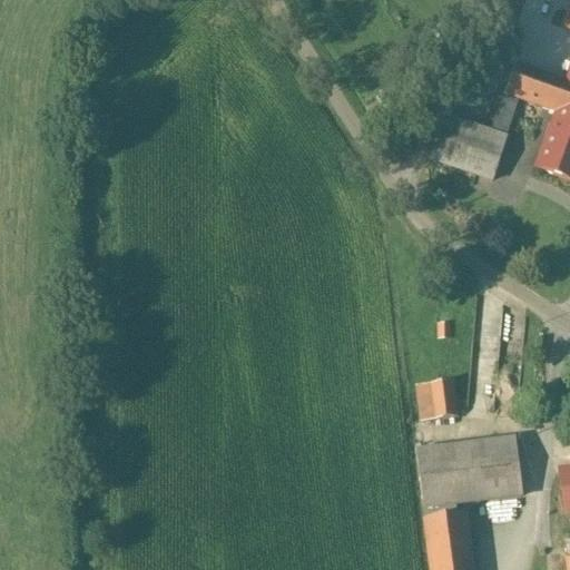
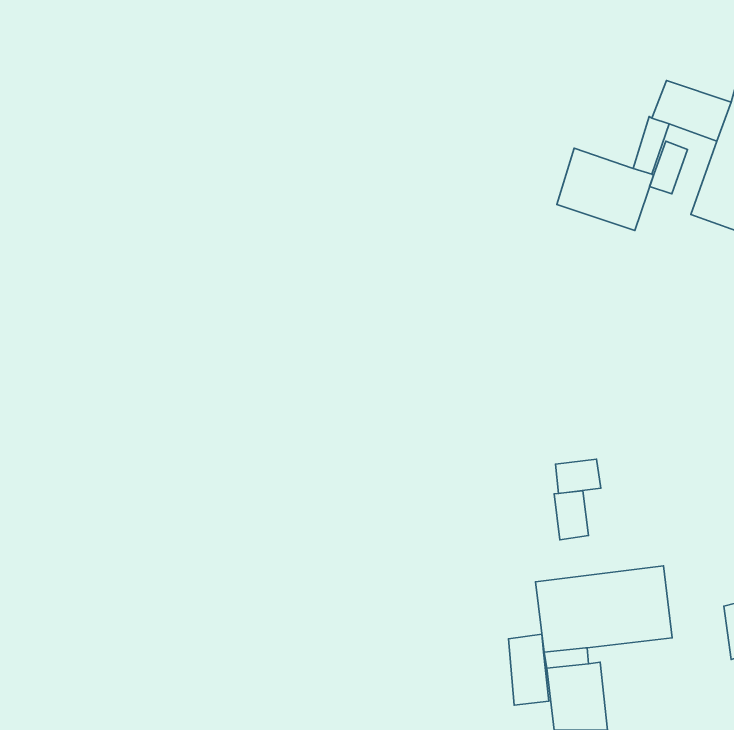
building: none -> [650,141,688,194]
building: none -> [556,459,601,493]
building: none -> [508,634,549,705]

